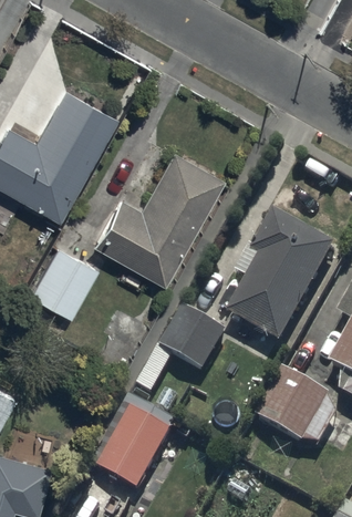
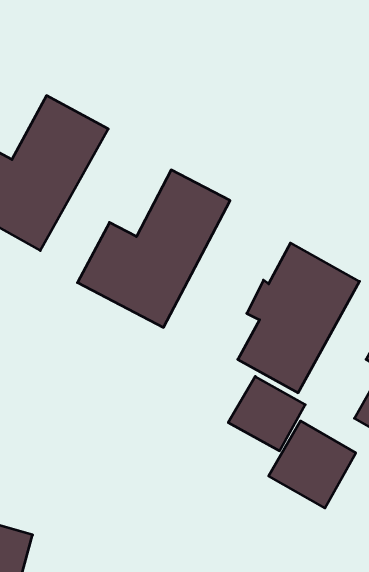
building: [28,244,97,316] -> none
building: [159,306,226,370] -> [228,376,305,451]
building: [96,407,172,490] -> none

